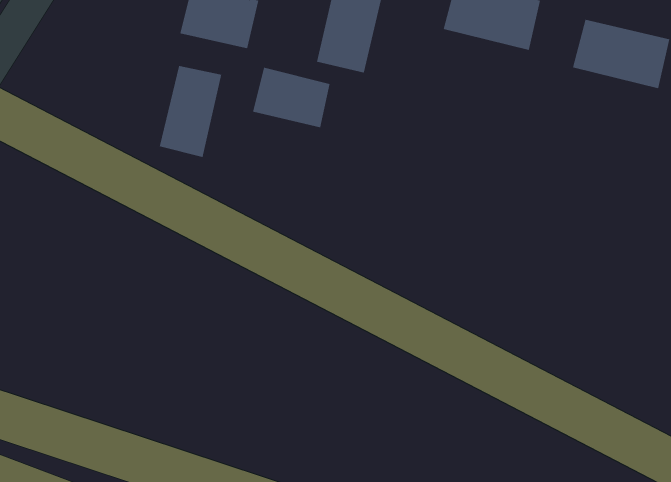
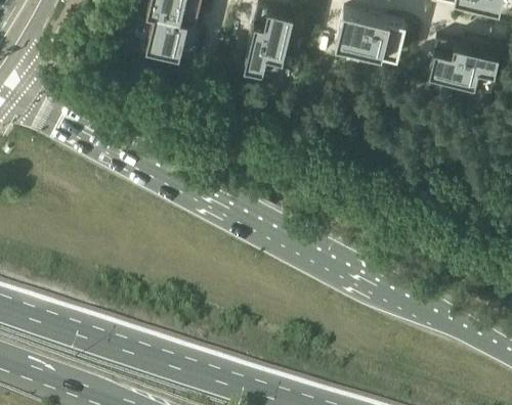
building: [159,65,222,158] -> none
building: [253,67,330,128] -> none

